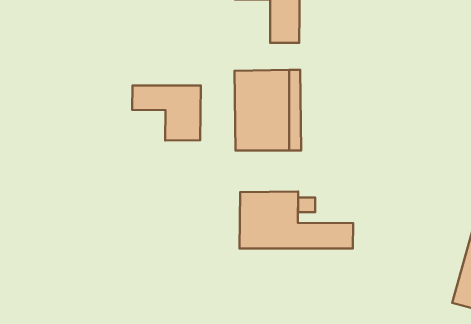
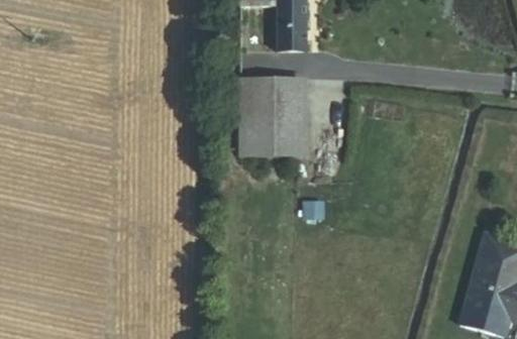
building: [132,85,201,140] -> none
building: [239,192,353,249] -> none

